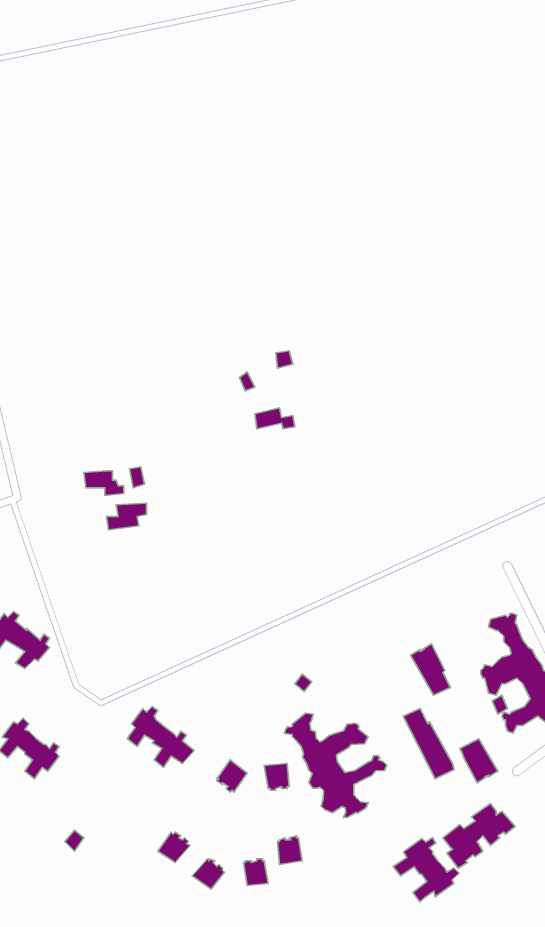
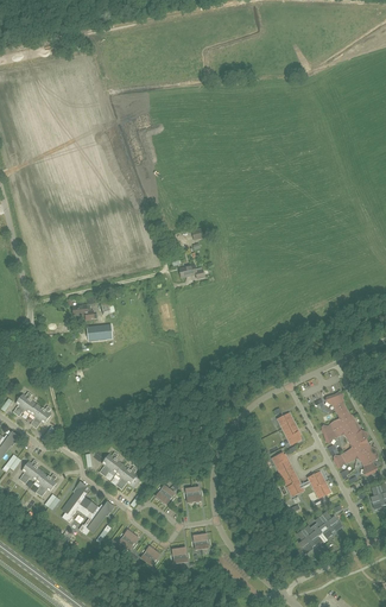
building: [284,713,387,817] -> none
building: none -> [62,481,114,535]
building: [393,838,459,902] -> none

